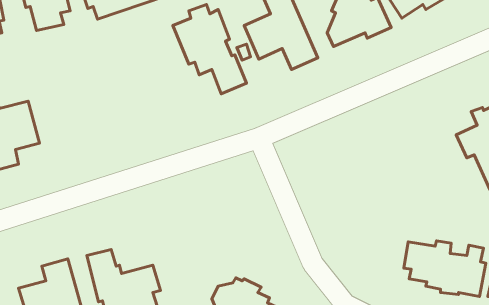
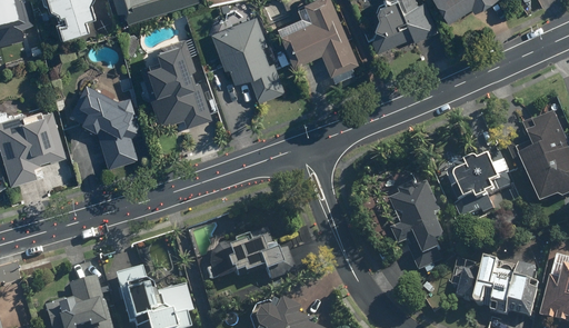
building: none -> [141,38,210,127]
building: none -> [66,81,139,167]
building: none -> [447,156,513,219]
building: none -> [390,180,455,270]
building: none -> [206,227,297,282]

